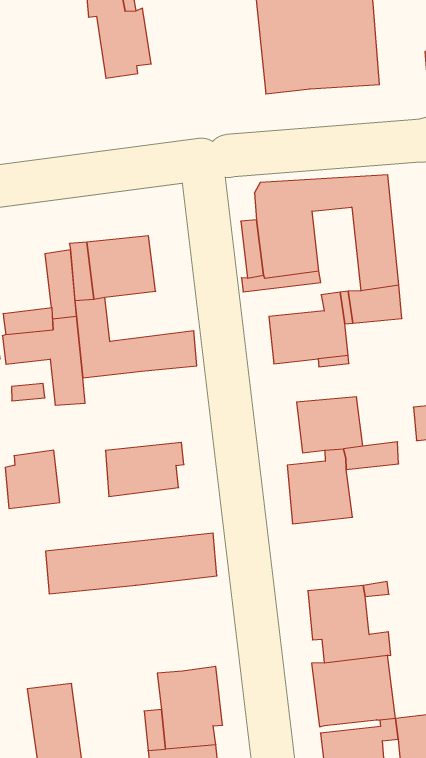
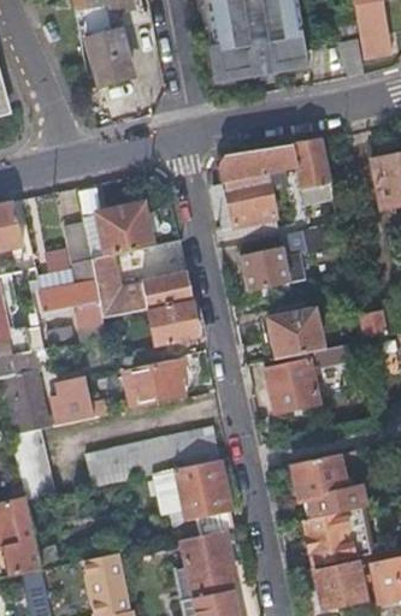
building: none -> [148,298,199,345]
building: none -> [160,458,234,534]

